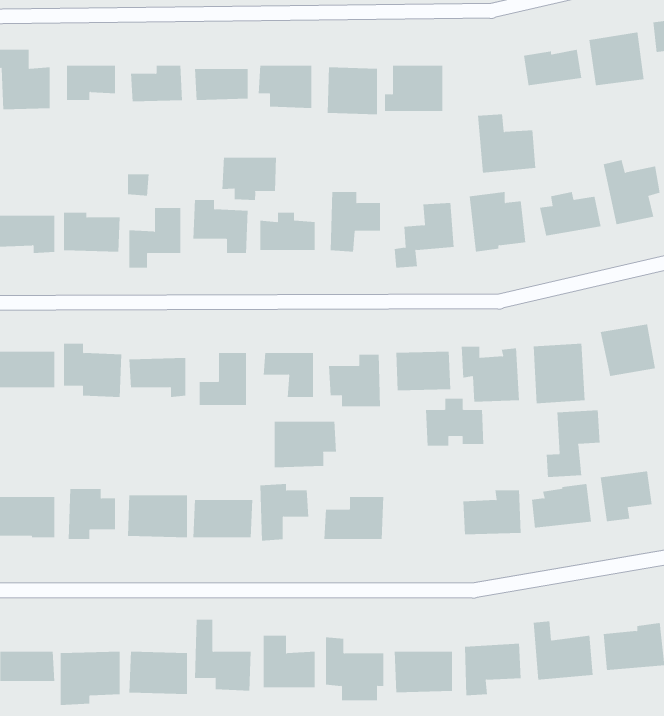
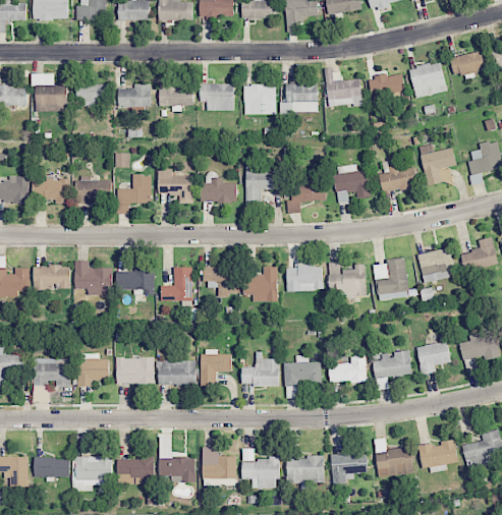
building: [477,114,536,173] -> [325,69,362,107]
building: [222,157,277,201] -> none
building: [425,398,484,446] -> [284,355,322,386]
building: [546,410,600,478] -> none
building: [274,421,337,468] -> none

